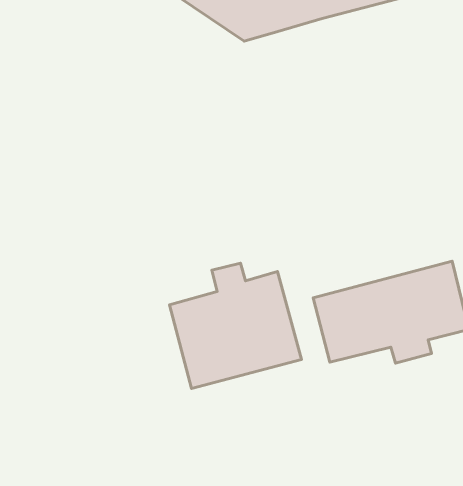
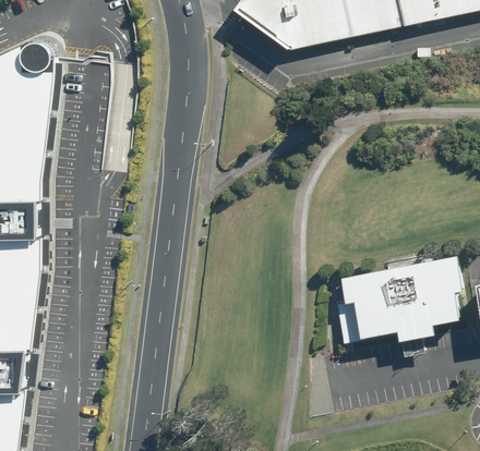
building: [169,263,301,388] -> none

